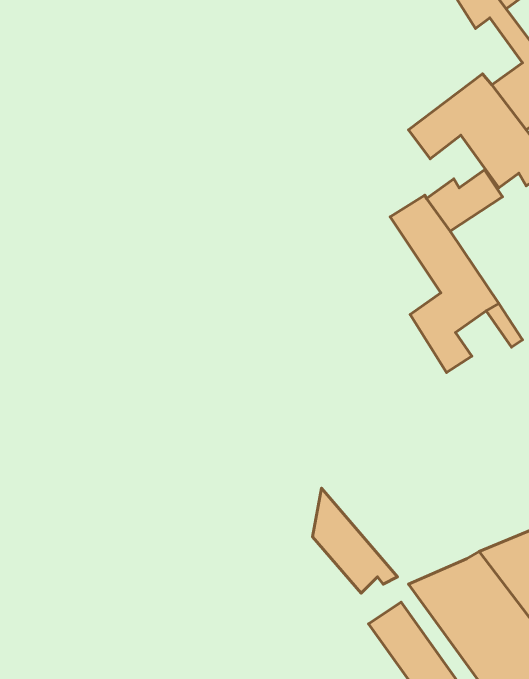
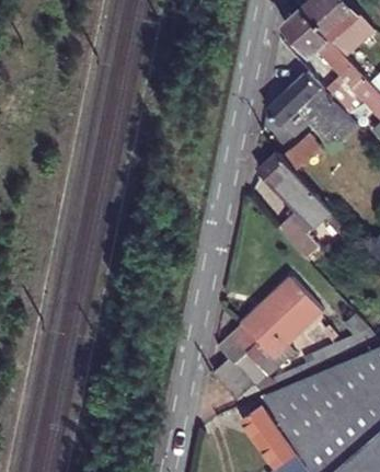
building: none -> [231,292,312,362]

